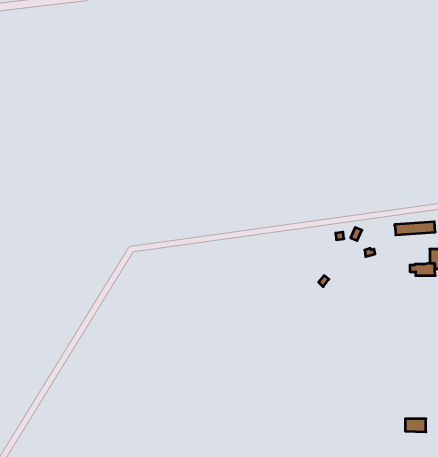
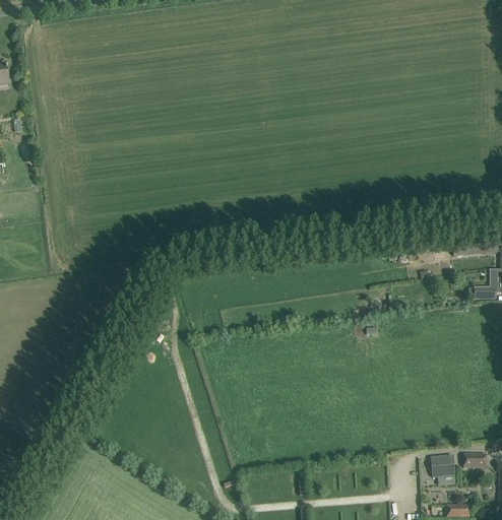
building: none -> [431,455,453,476]

